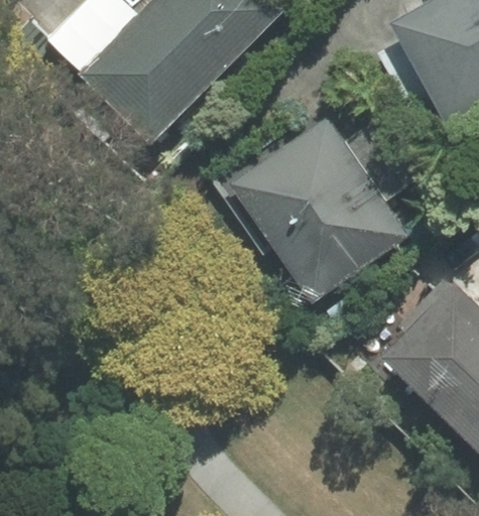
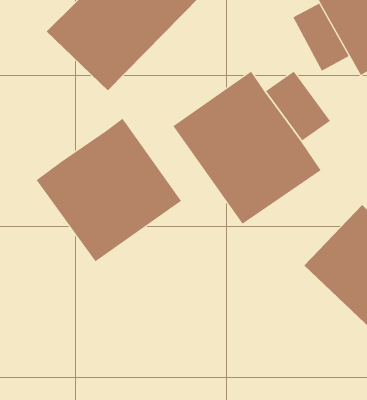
building: none -> [36,118,182,262]

